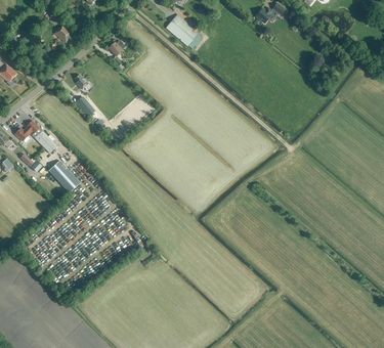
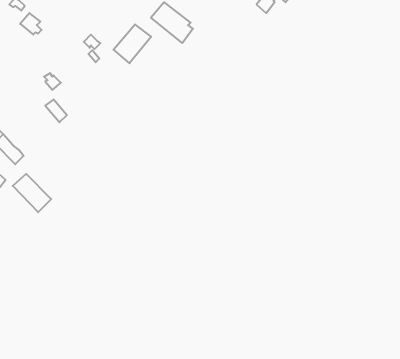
building: none -> [113,24,151,63]

